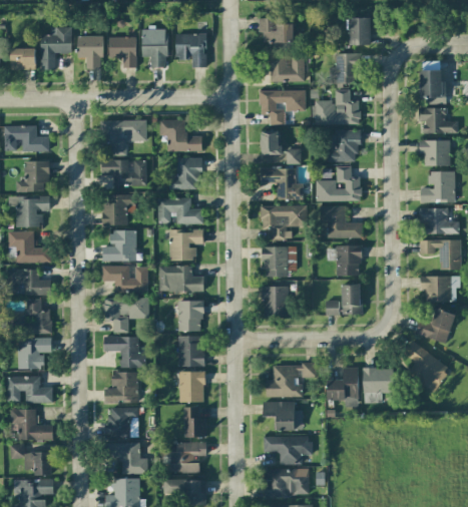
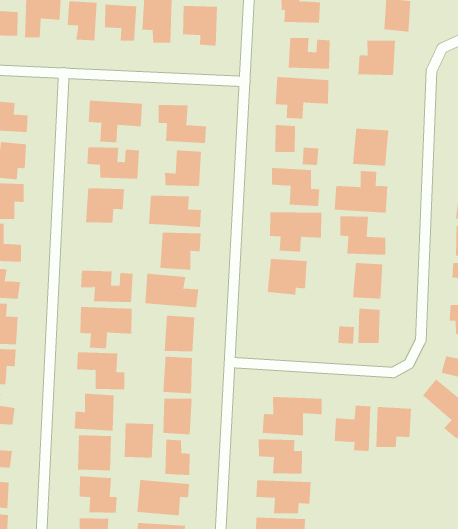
building: [313,90,360,124] -> none
building: [102,229,136,262] -> none
building: [263,286,289,318] -> none
building: none -> [124,423,154,458]

